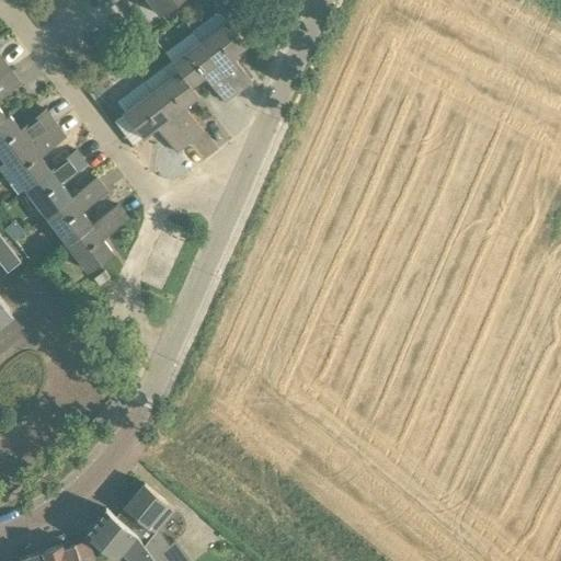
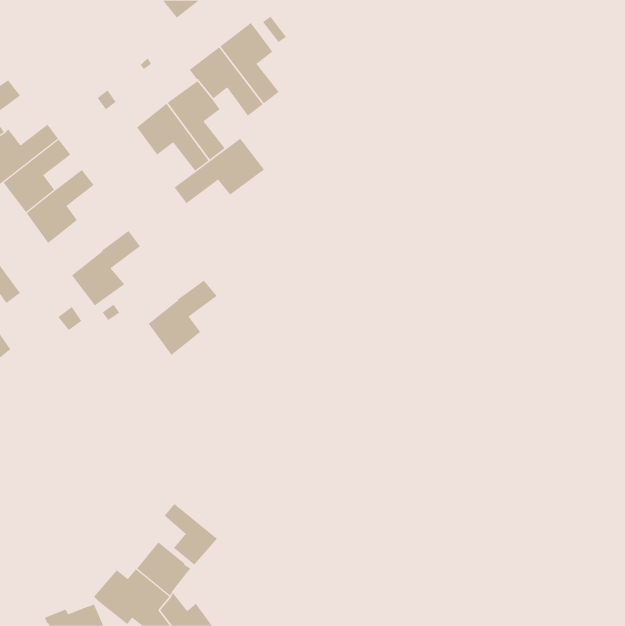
building: none -> [174,138,265,204]
building: [43,179,105,247] -> [148,280,218,356]
building: none -> [164,503,218,565]

